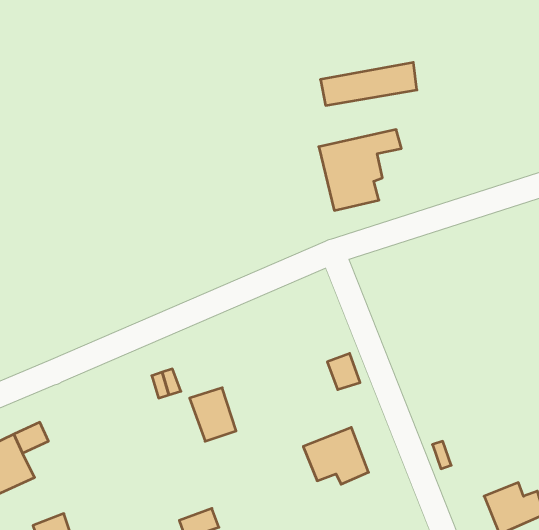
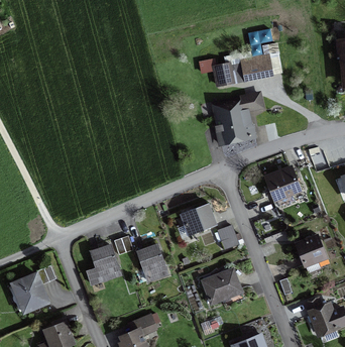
building: none -> [265,168,299,197]
building: none -> [182,206,213,231]
building: none -> [298,237,325,264]
building: none -> [87,245,119,283]

